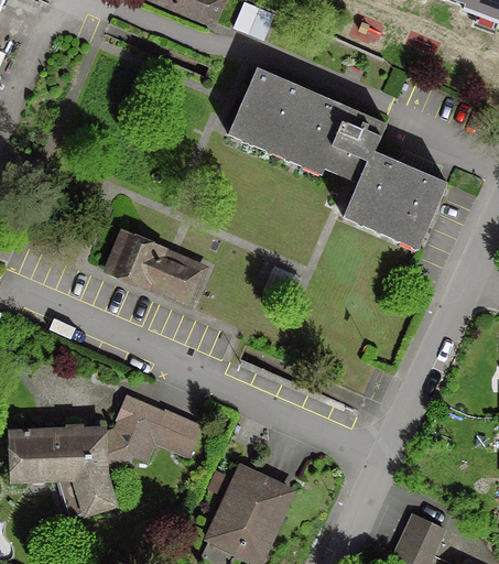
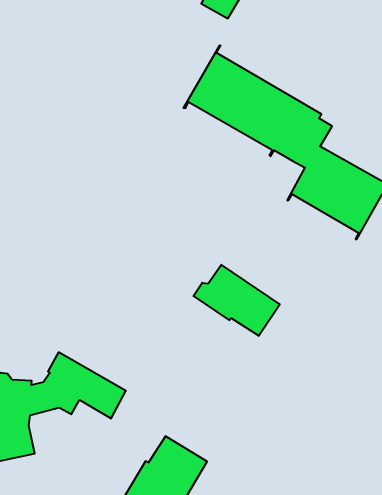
building: [108,232,202,301] -> none
building: none -> [193,265,280,336]

